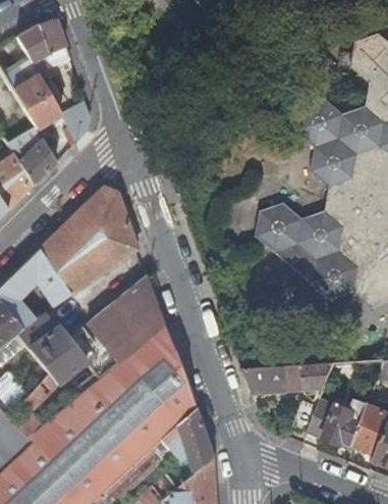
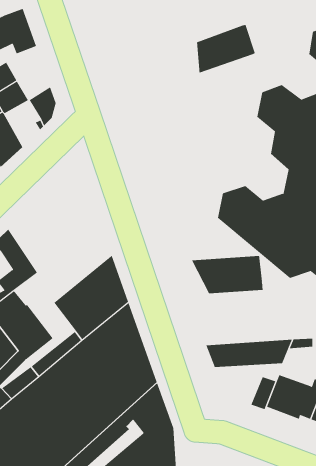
building: none -> [197,24,256,74]
building: [40,187,137,294] -> none
building: none -> [191,255,263,294]

